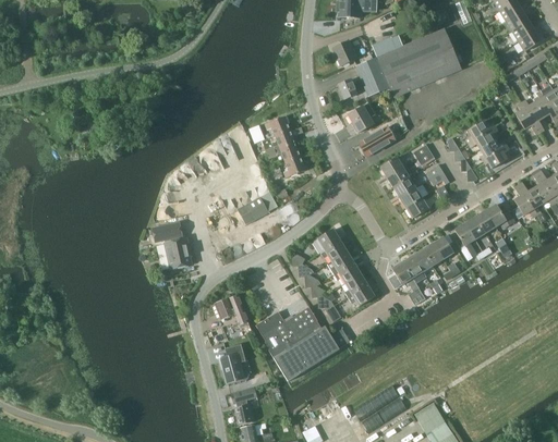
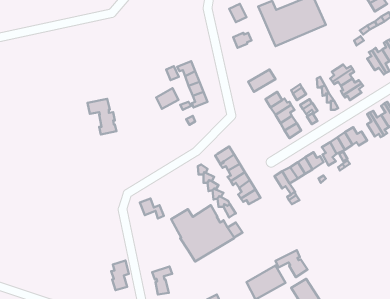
building: [355,57,389,96] -> none
building: [347,103,374,132] -> none
building: [238,197,267,224] -> [156,88,178,109]
building: [153,221,191,268] -> [87,99,116,134]
building: [222,343,245,382] -> [111,260,129,290]
building: none -> [276,250,307,277]

